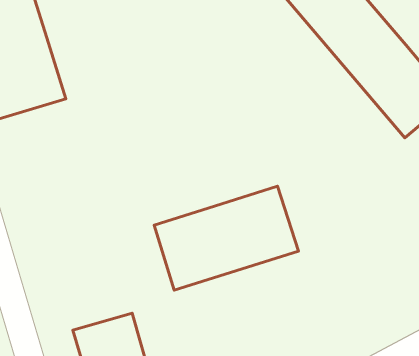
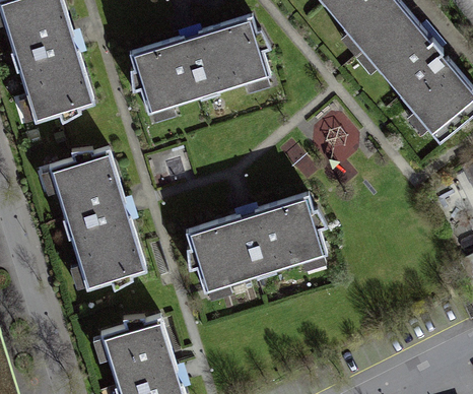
building: none -> [131,17,270,116]
building: none -> [50,148,143,287]

